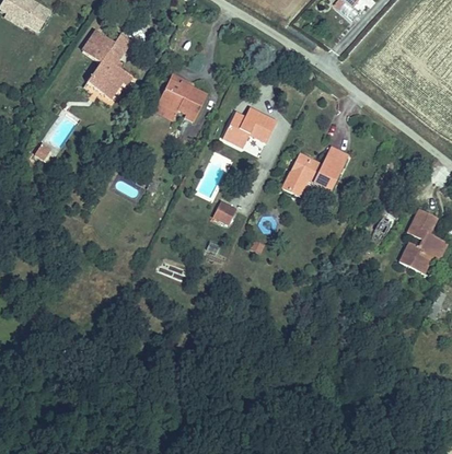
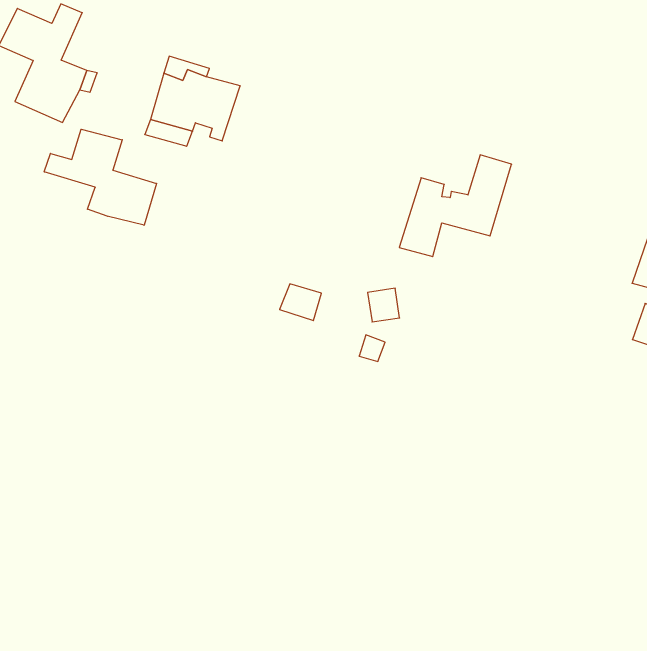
building: none -> [44,129,157,225]
building: [219,112,276,149] -> none

